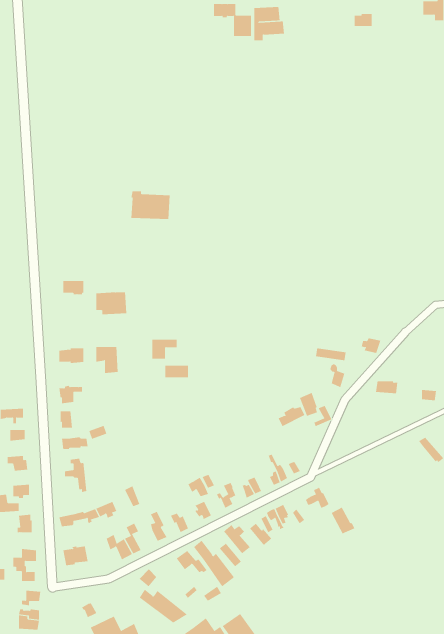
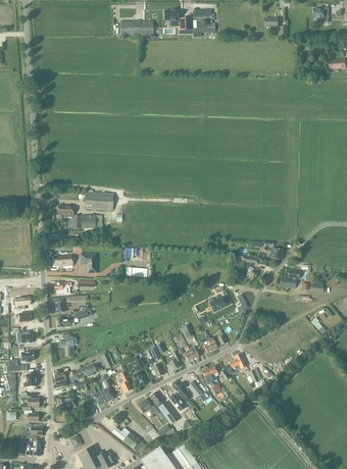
building: none -> [119,19,154,35]
building: [130,191,171,220] -> [85,189,113,209]

